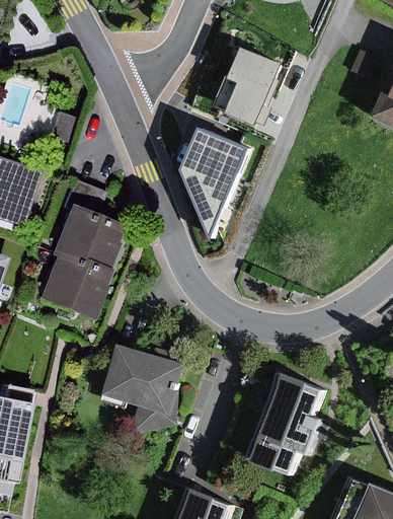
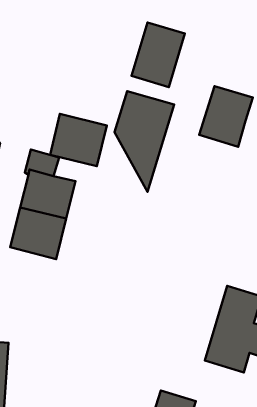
building: none -> [199,86,253,147]
building: none -> [50,114,107,166]
building: [107,346,188,436] -> none

